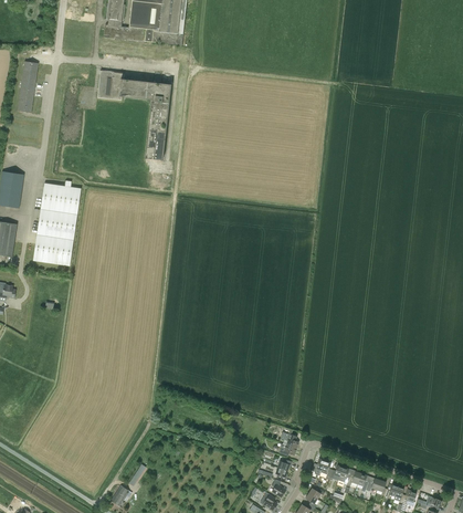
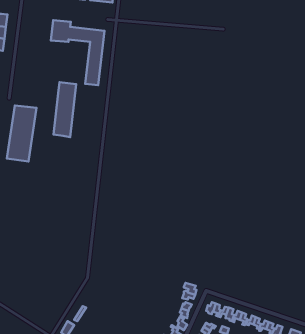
building: none -> [53,82,76,137]

